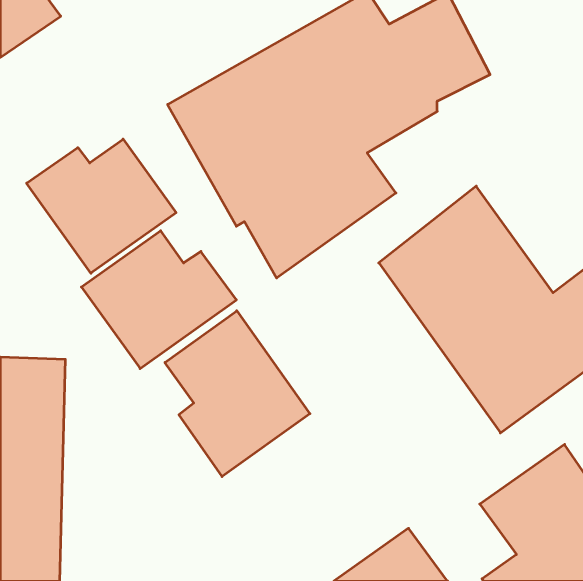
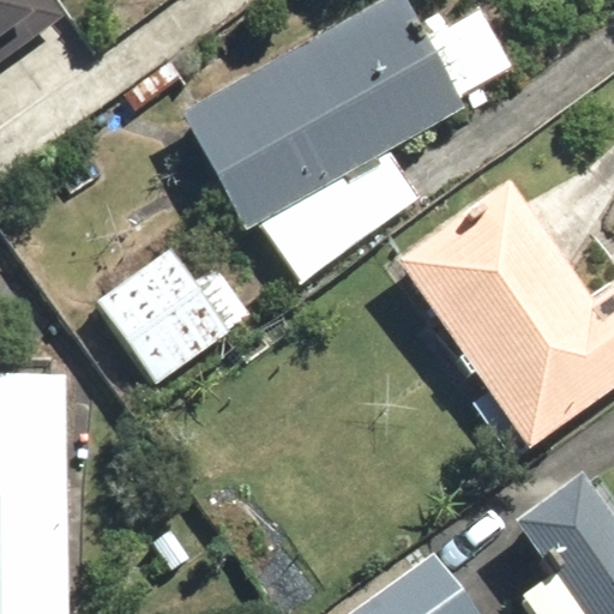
building: [27,139,176,273] -> none
building: [165,311,310,477] -> none

